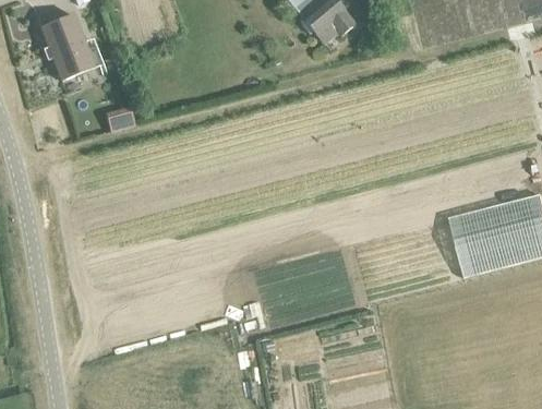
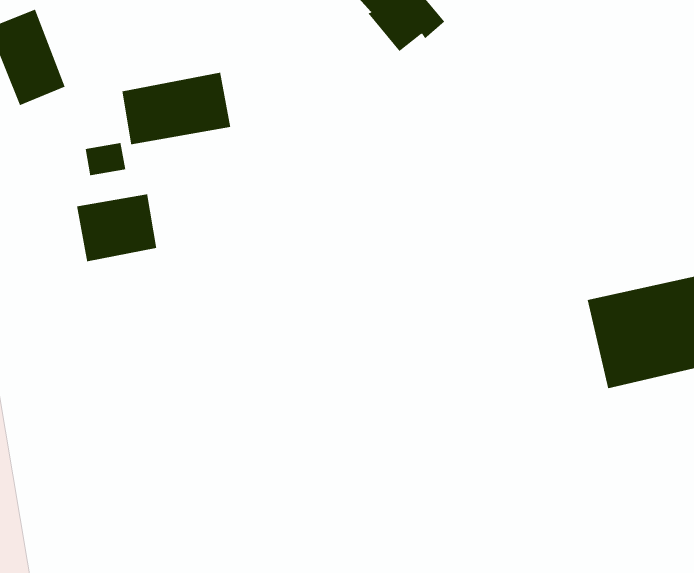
building: none -> [122,72,231,145]
building: none -> [77,193,157,262]

